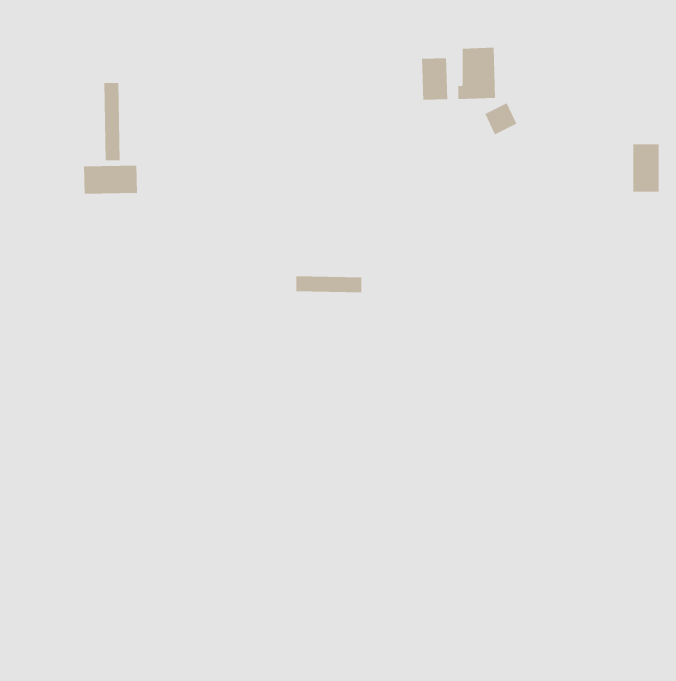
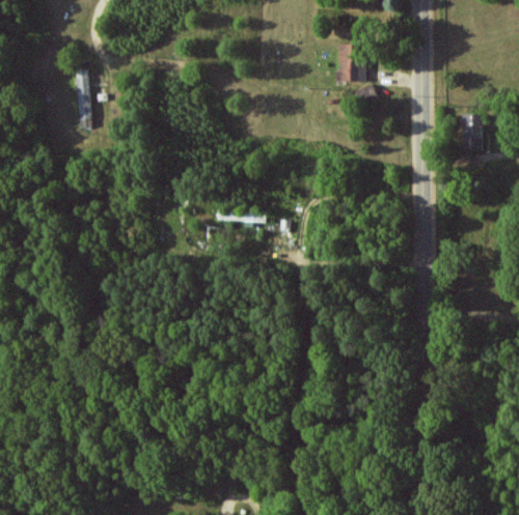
building: [422,57,448,100] -> none
building: [84,165,138,194] -> none

